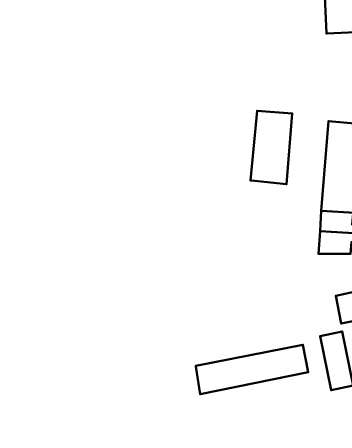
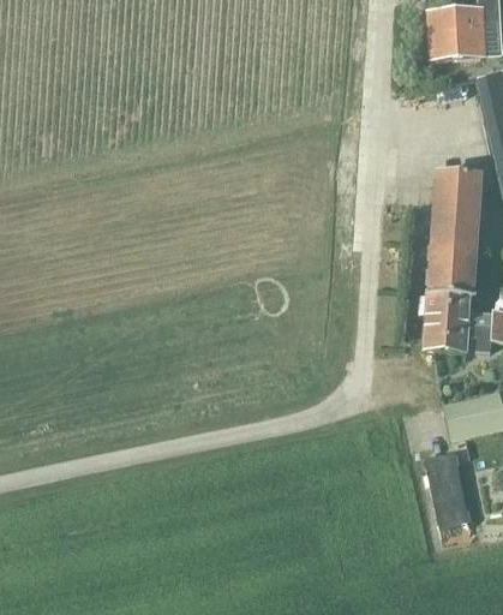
building: [251,111,292,184] -> none
building: [196,345,308,394] -> none

